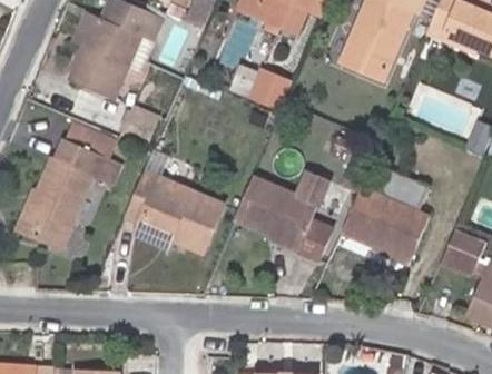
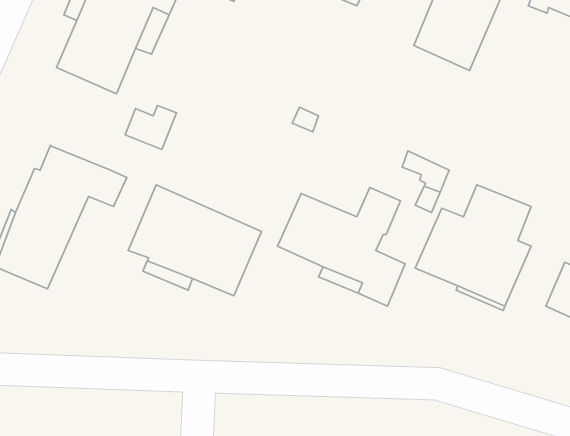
building: [248,69,291,110] -> none
building: [65,119,117,158] -> none

